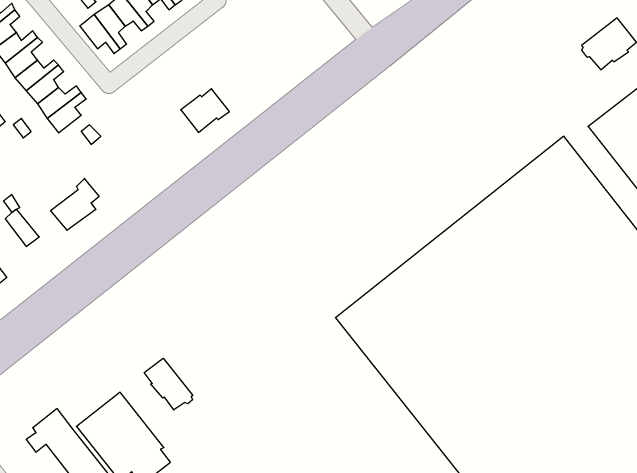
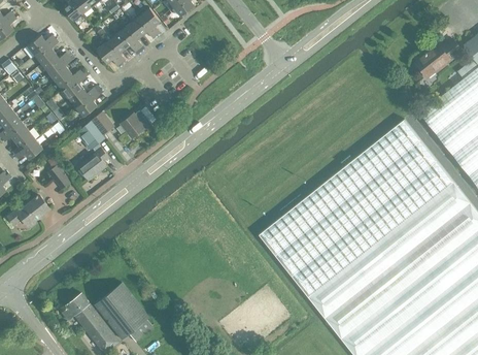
building: [181,89,229,133] -> [121,109,151,137]
building: none -> [75,120,106,151]
building: [144,358,193,410] -> none

